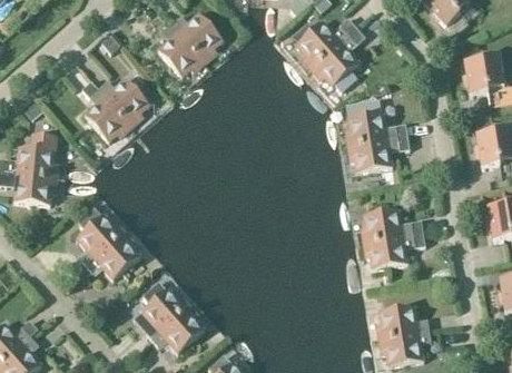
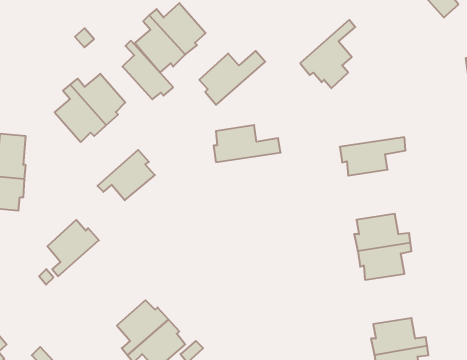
building: [295,17,356,67] -> [199,51,265,105]
building: none -> [122,41,173,99]
building: [345,110,407,145] -> [214,125,281,162]
building: [86,232,139,278] -> [97,150,155,200]

